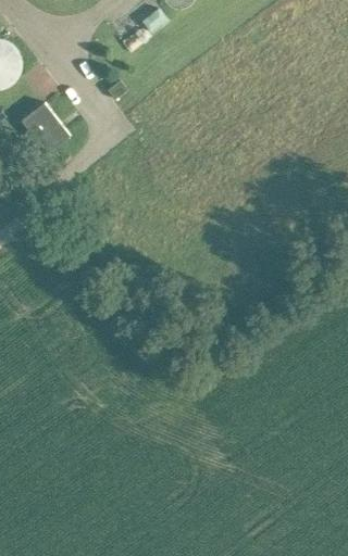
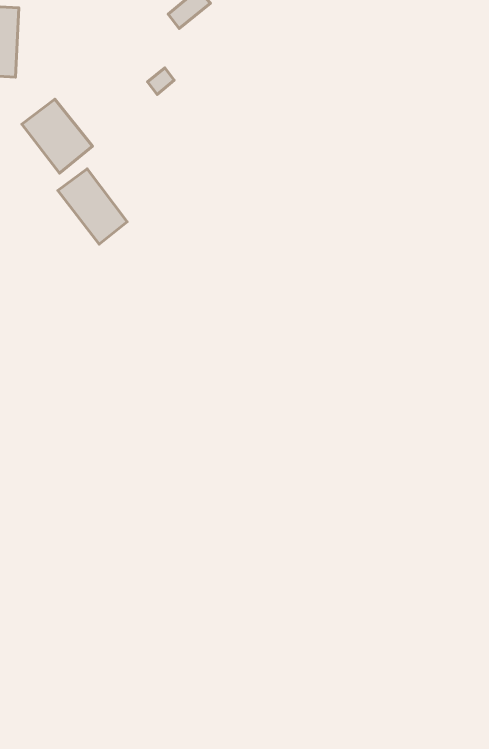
building: none -> [58,169,127,244]

